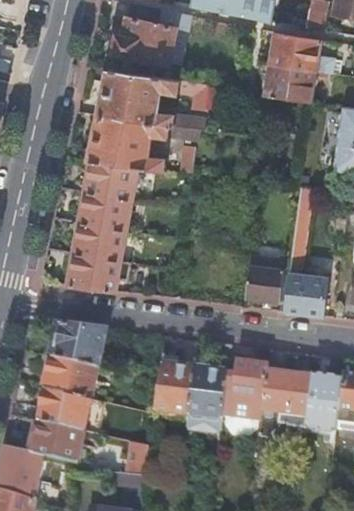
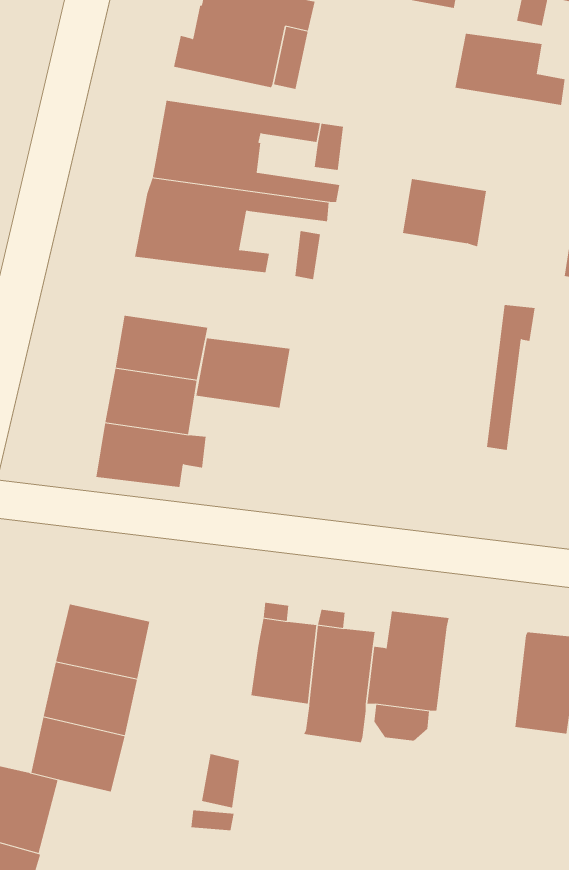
building: [266,63,314,102] -> [402,179,487,247]
building: [83,159,137,199] -> [196,338,291,408]
building: [245,255,284,302] -> none
building: [283,271,328,316] -> none
building: [52,324,106,366] -> none
building: [259,369,311,437] -> none

